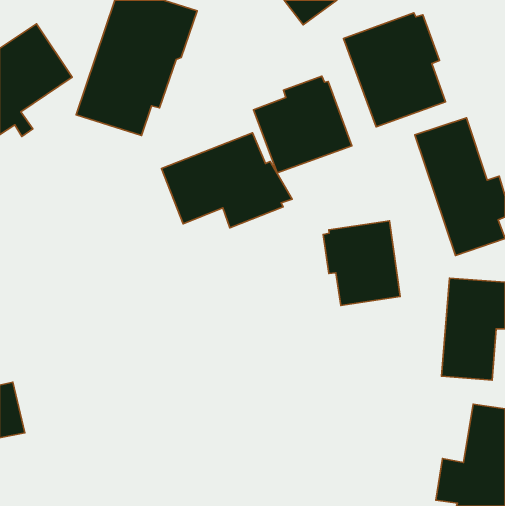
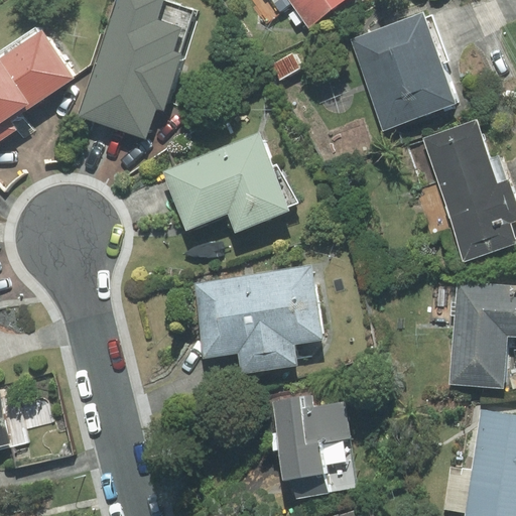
building: [253,76,352,173] -> none
building: [323,221,400,306] -> none
building: none -> [194,266,321,374]
building: none -> [277,396,358,497]

